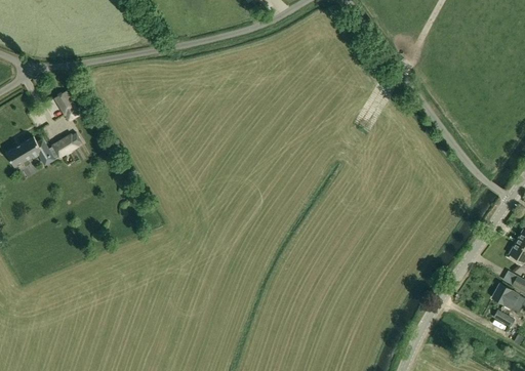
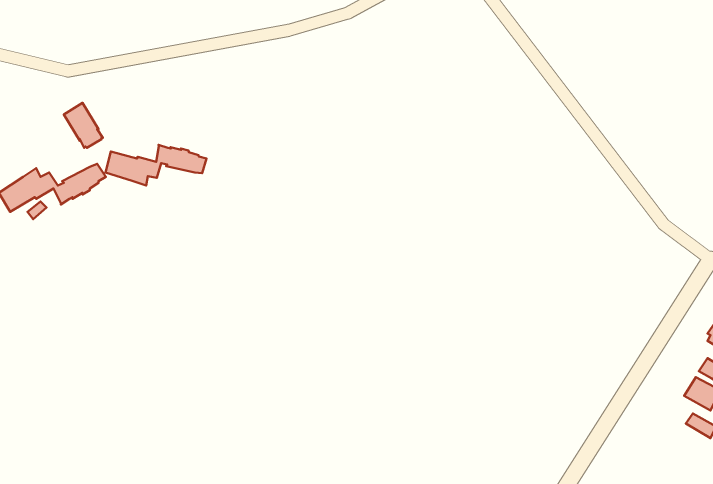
building: none -> [106,145,206,186]

